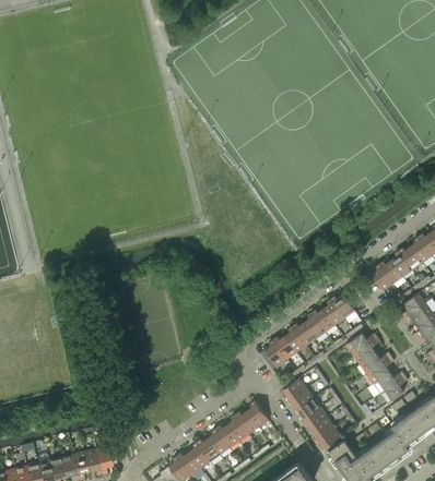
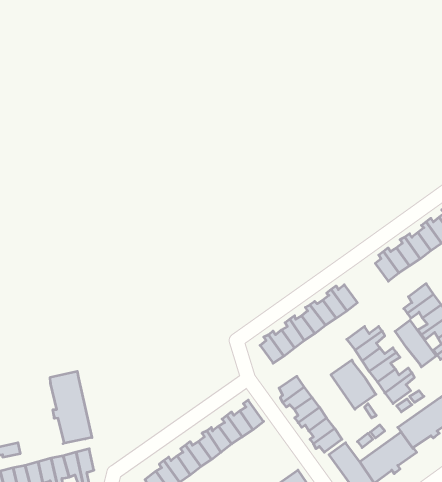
building: none -> [395,320,436,367]
building: none -> [331,360,376,409]
building: none -> [50,371,92,444]

